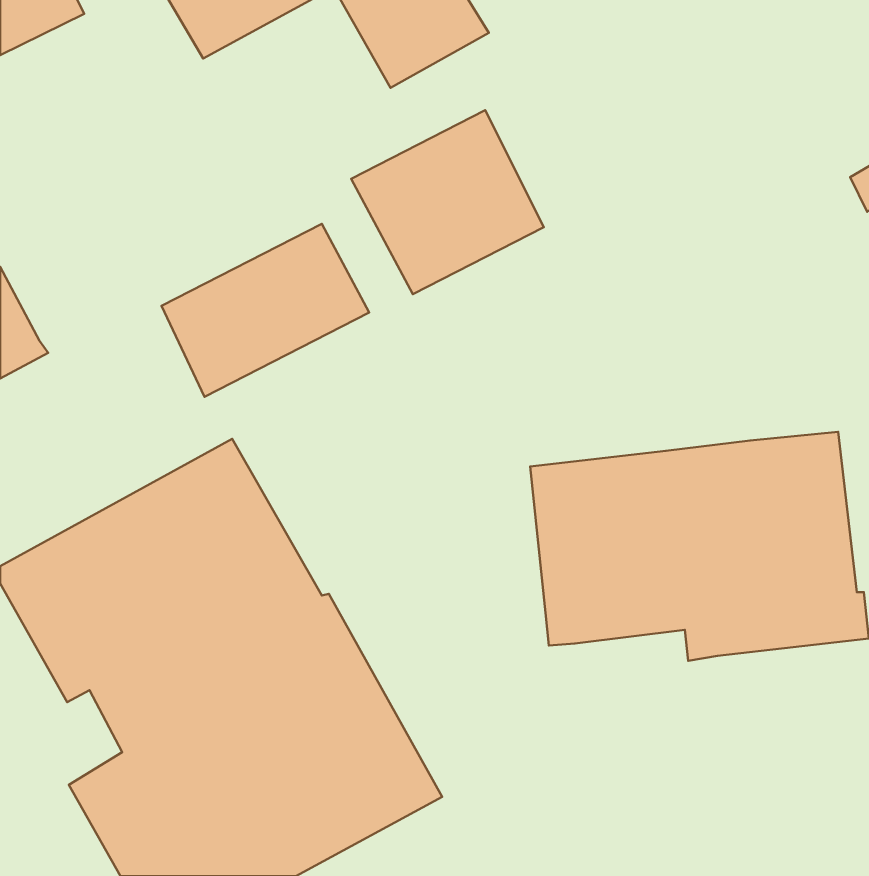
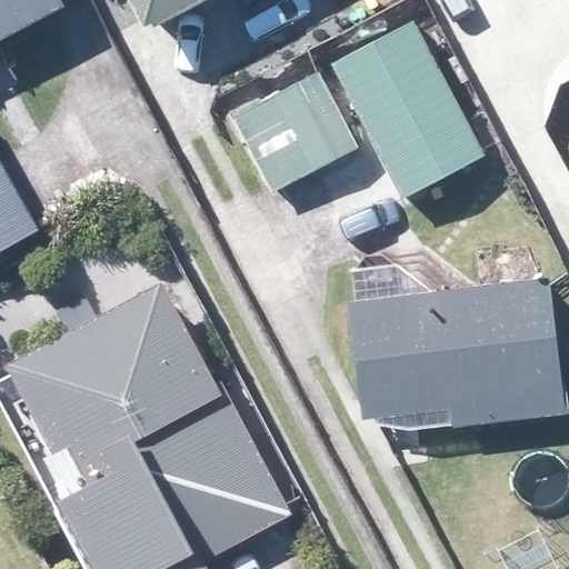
building: none -> [330,20,481,197]
building: [161,224,369,397] -> none

